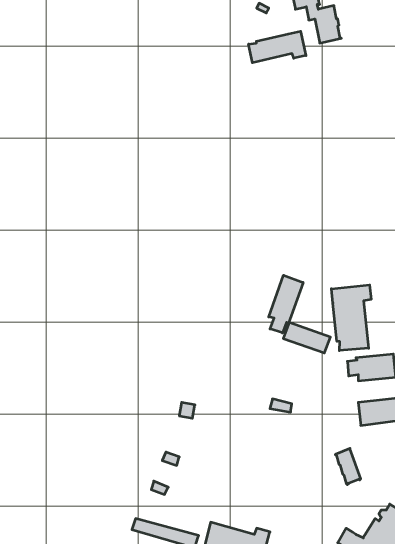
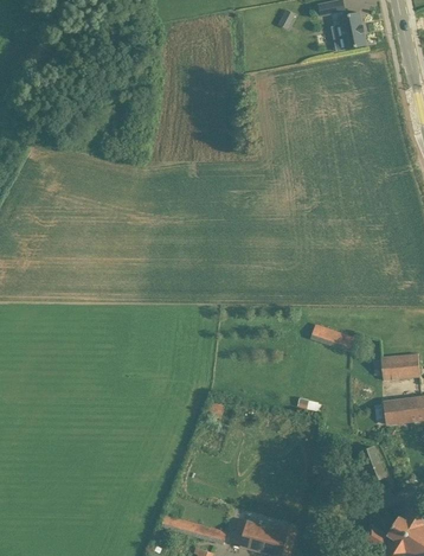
building: [249,31,306,63] -> none
building: [269,275,303,333] -> none
building: [331,285,371,351] -> none

